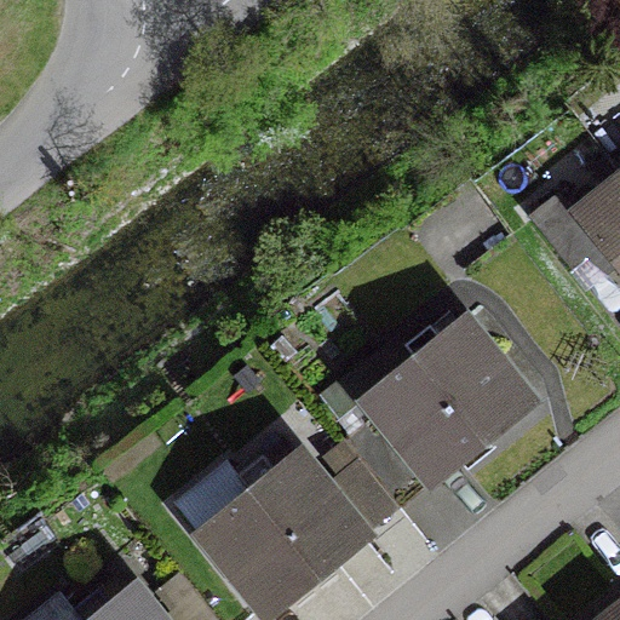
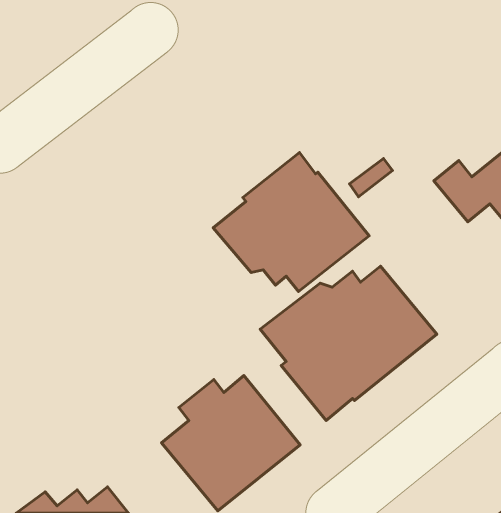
building: none -> [213,153,369,292]

